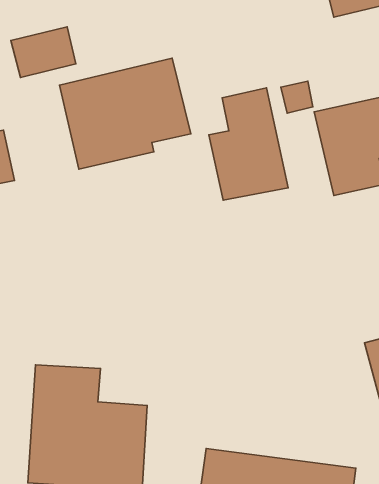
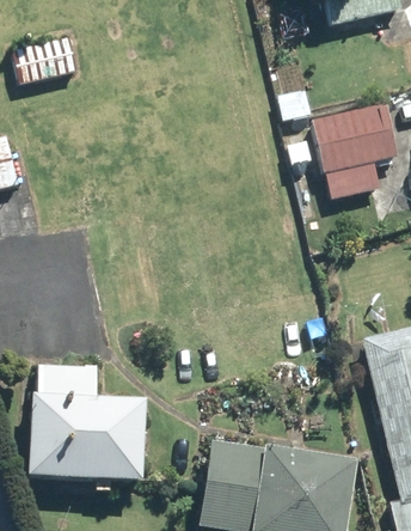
building: [59,58,191,169] -> none
building: [209,88,288,200] -> none

